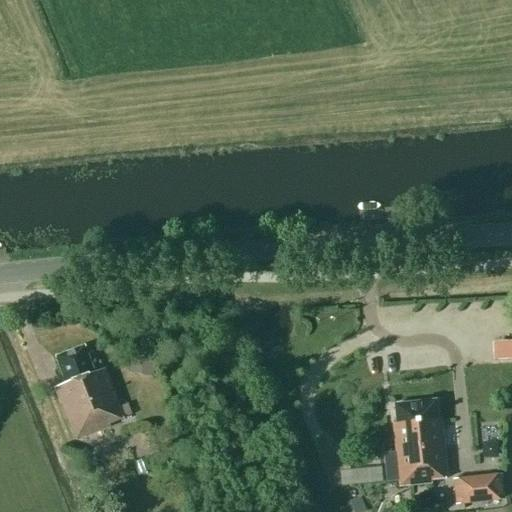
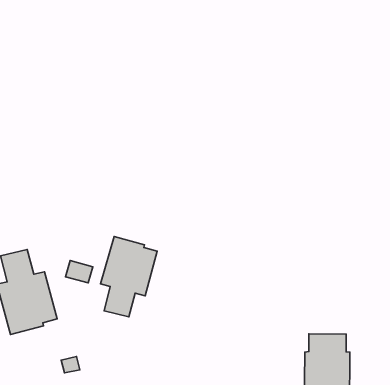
building: none -> [101,237,157,317]

